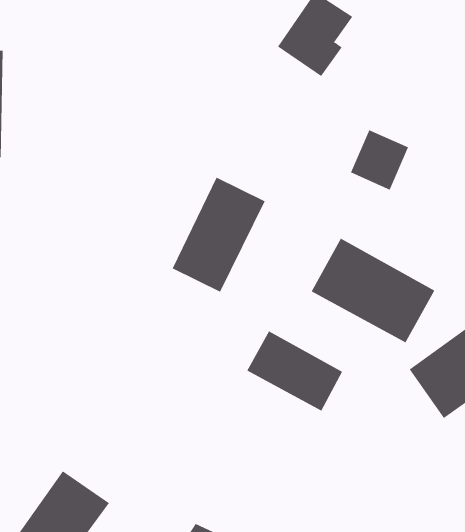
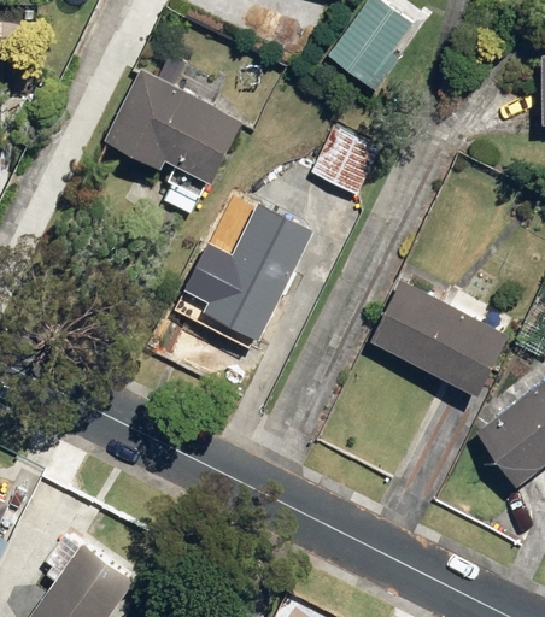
building: none -> [104,71,239,195]
building: [350,129,409,190] -> [311,124,379,194]
building: [247,330,343,411] -> none

